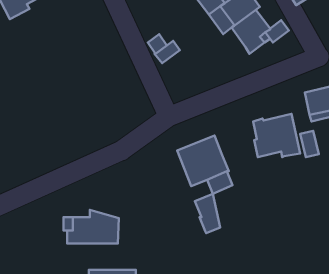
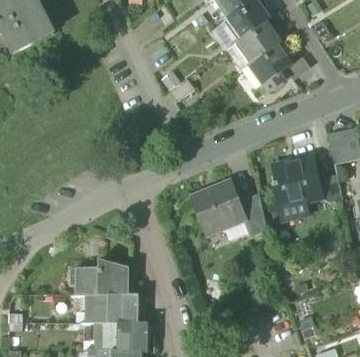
building: none -> [278,195,308,219]
building: [195,194,220,233] -> [240,191,267,233]
building: none -> [85,293,140,321]

